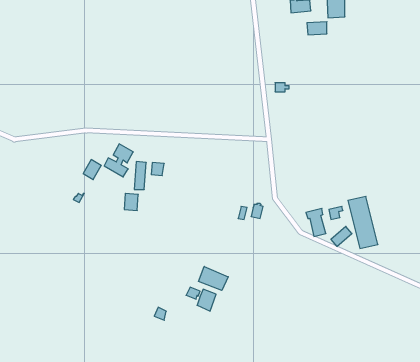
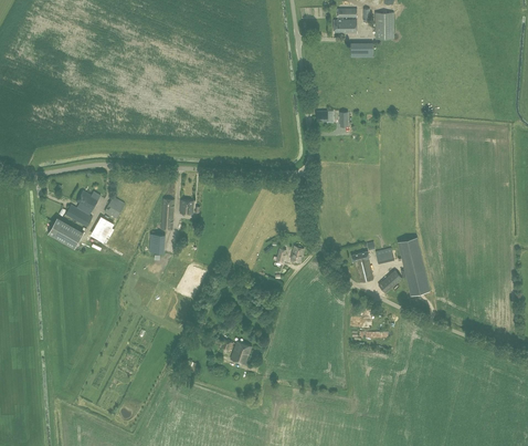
building: [104,144,133,177] -> [65,189,97,226]
building: none -> [47,217,83,248]
building: [198,266,228,290] -> none

